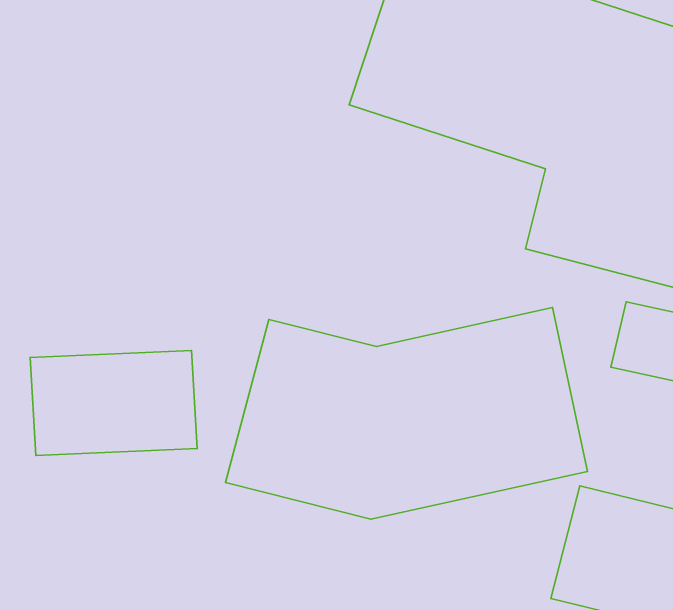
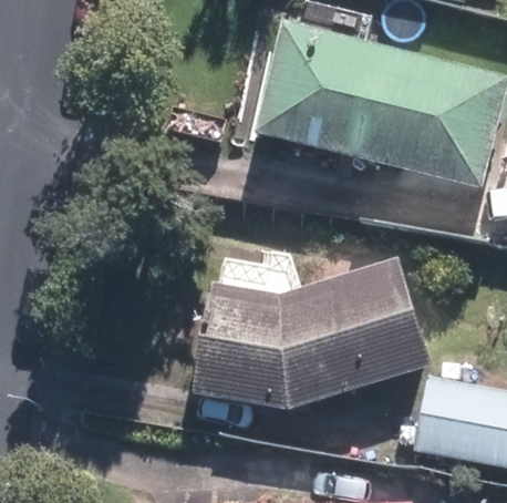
building: [30,351,197,455] -> none

